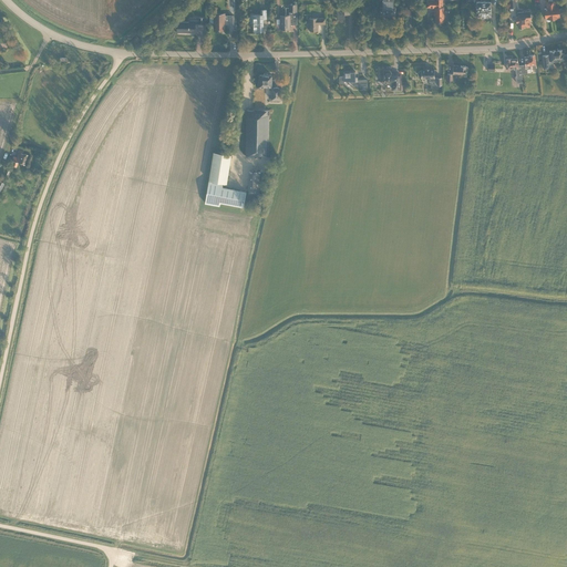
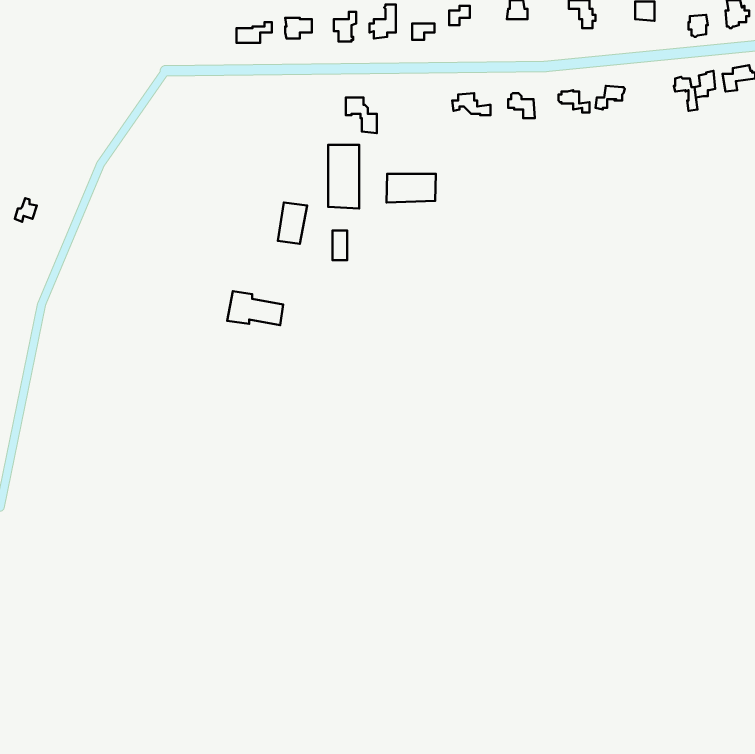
building: none -> [386,174,436,203]
building: [204,182,246,207] -> [227,291,283,325]

